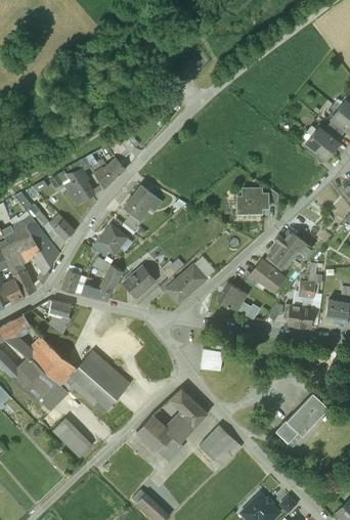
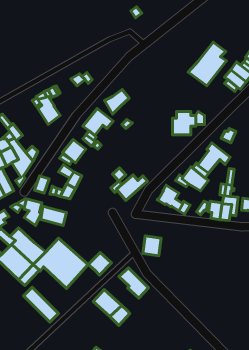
building: none -> [188,42,226,86]
building: [93,158,125,189] -> [104,89,129,114]
building: [45,214,75,240] -> none
building: [123,266,155,298] -> none
building: none -> [41,206,66,226]
building: [275,392,329,442] -> none
building: [165,414,194,442] -> [88,253,112,275]
building: [199,425,242,467] -> none

